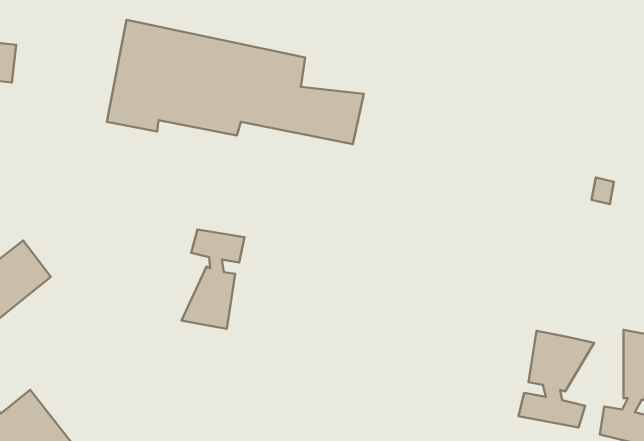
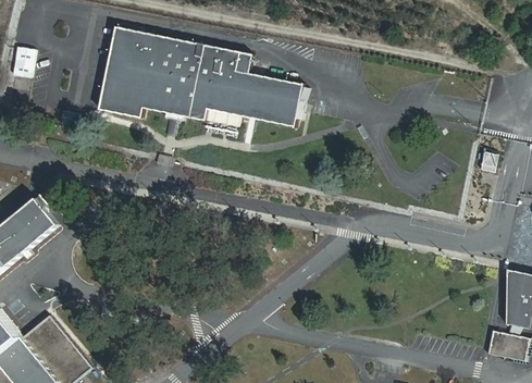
building: [182,229,245,329] -> none
building: [519,331,594,427] -> none

